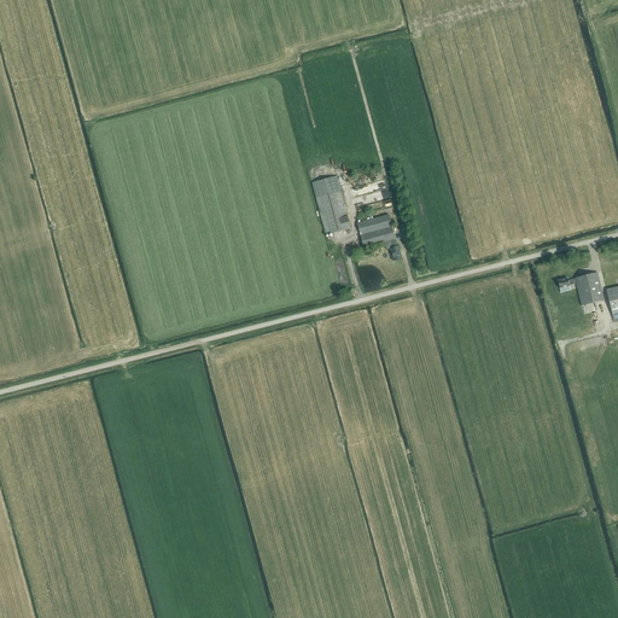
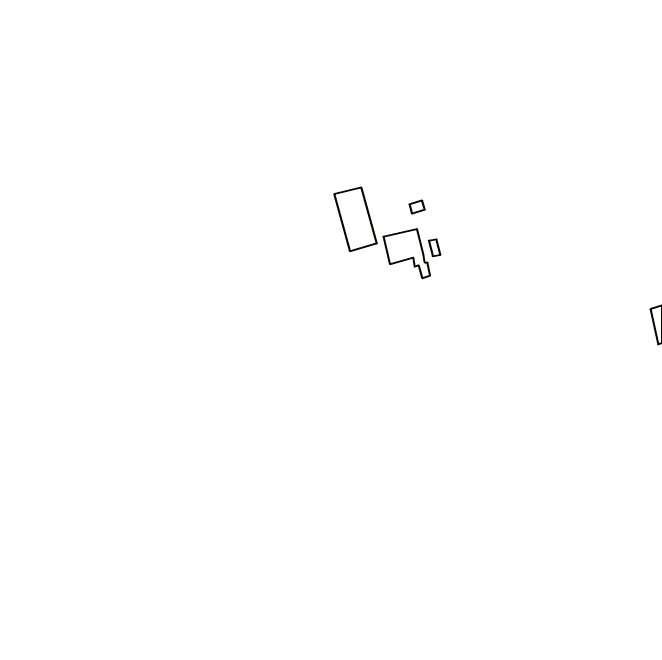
building: [558,272,604,304] -> none

